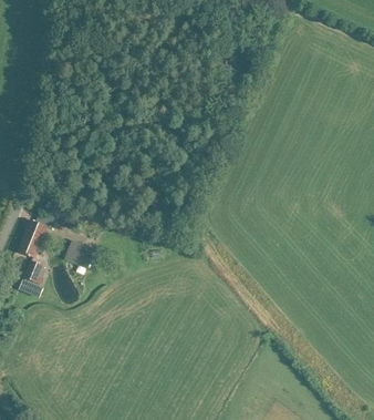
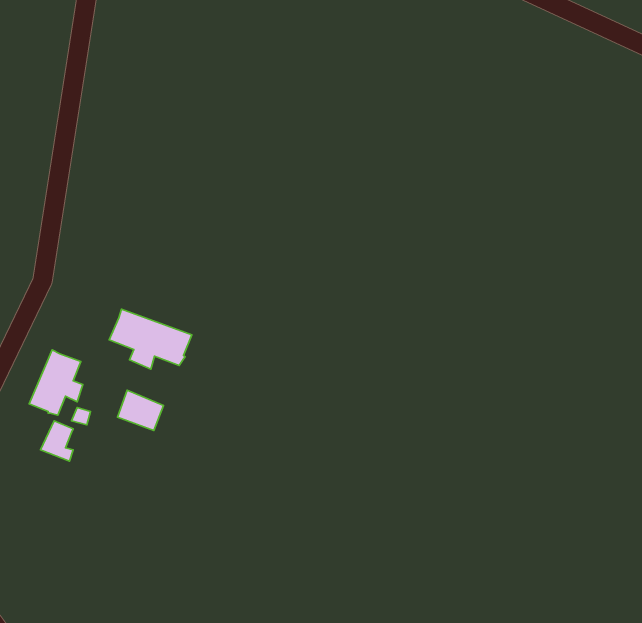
building: none -> [109,309,192,369]

